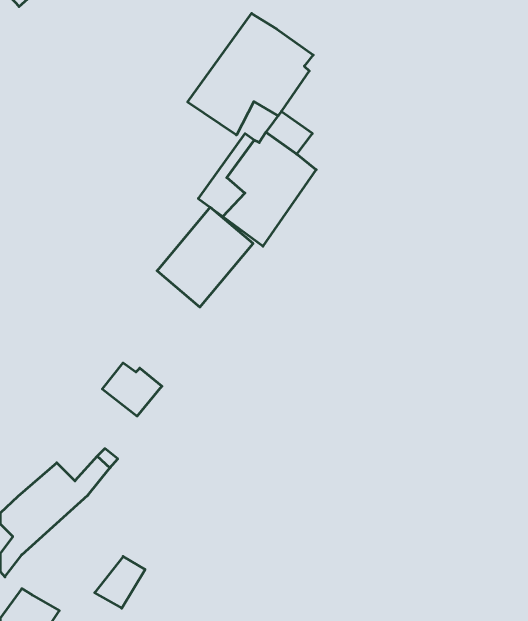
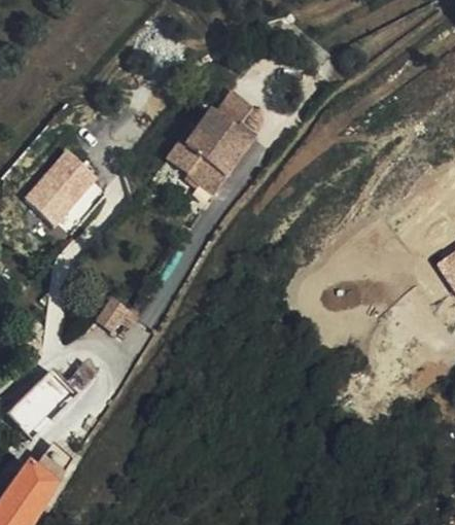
building: [188,13,313,135] -> none
building: [157,207,253,307] -> [28,141,104,220]
building: [95,556,145,608] -> [30,448,70,489]

